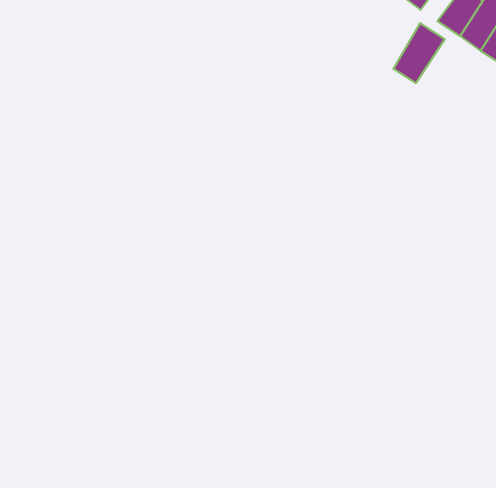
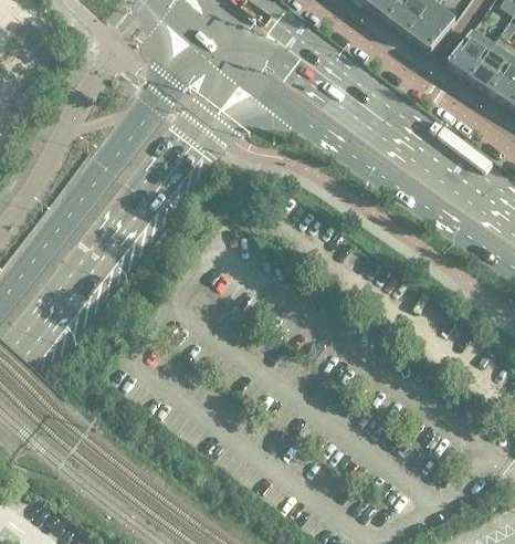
building: [393,23,445,83] -> none

